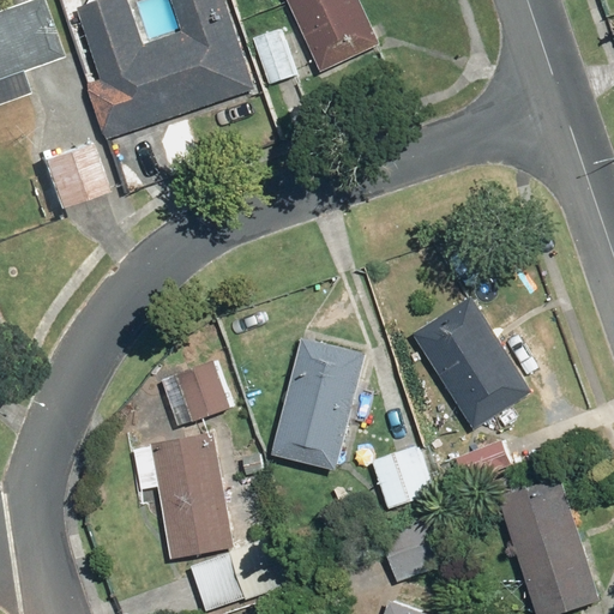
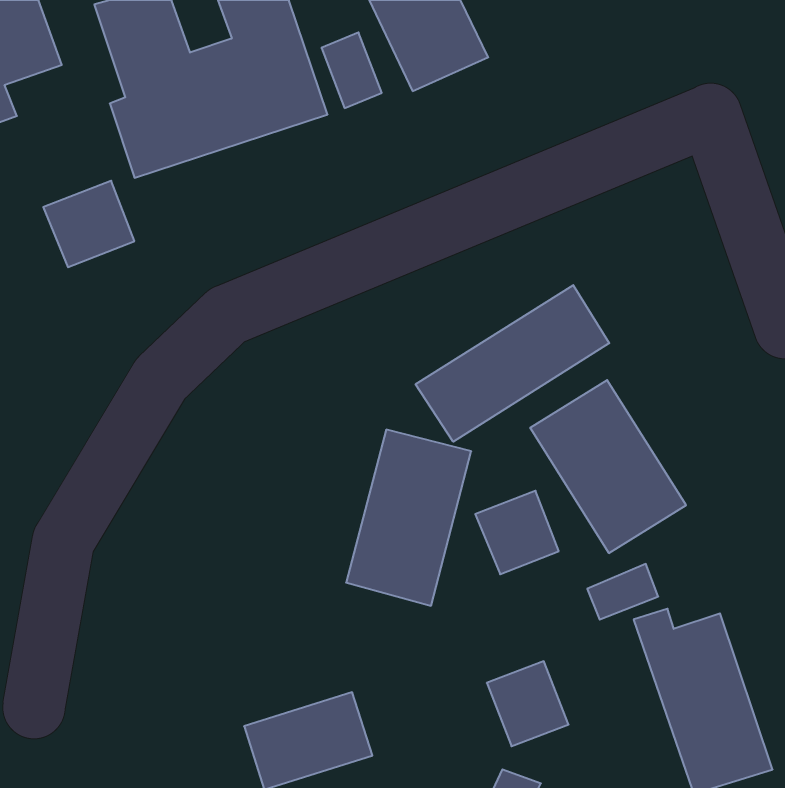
building: none -> [416,285,609,442]
building: [158,354,230,426] -> none
building: [132,431,233,558] -> none
building: [371,444,435,508] -> [475,491,559,574]

